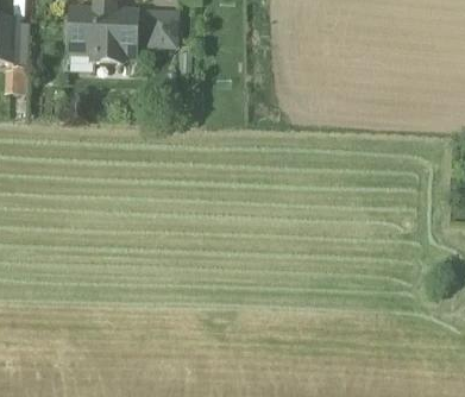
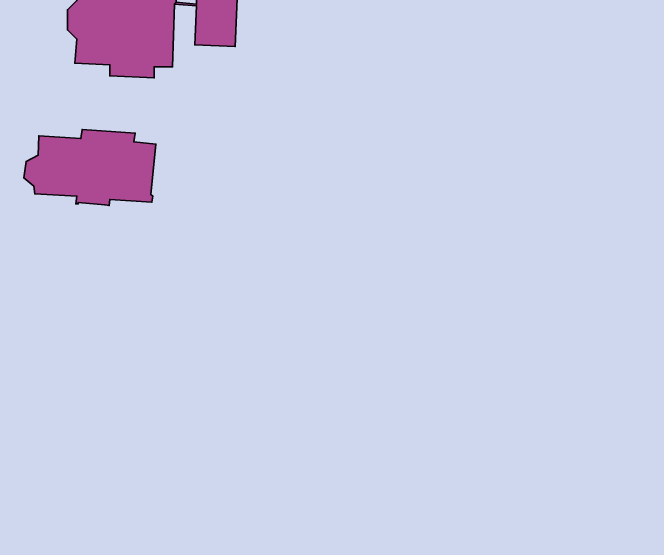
building: none -> [24,129,156,205]

